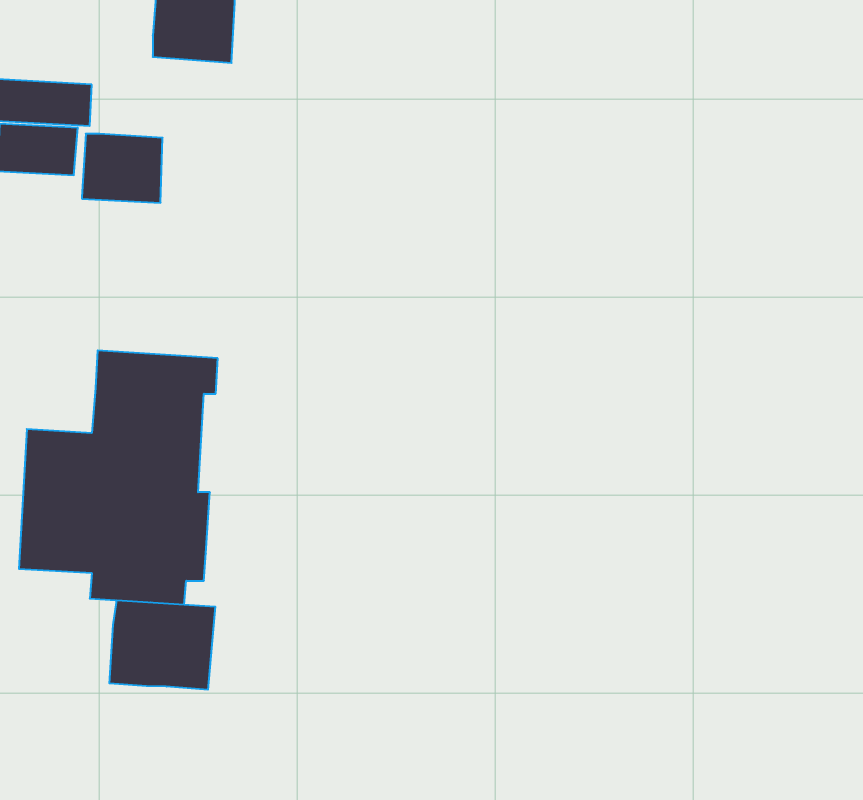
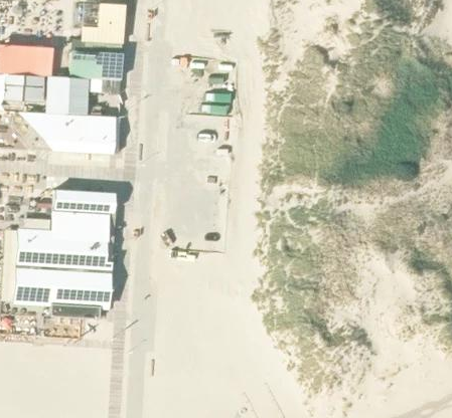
building: none -> [70,50,123,77]
building: none -> [29,111,115,152]
building: [109,600,215,690] -> none

